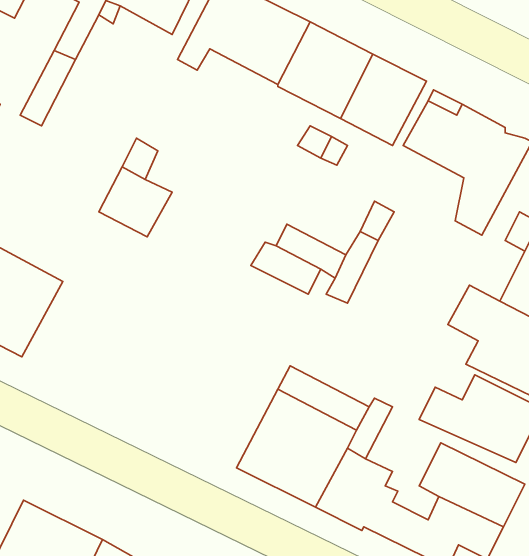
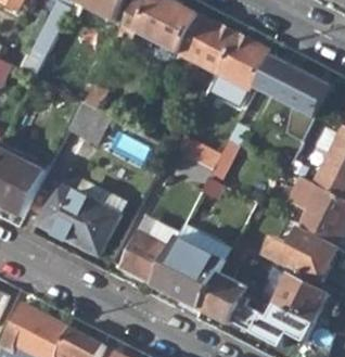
building: none -> [35,182,123,256]
building: none -> [118,225,176,284]

